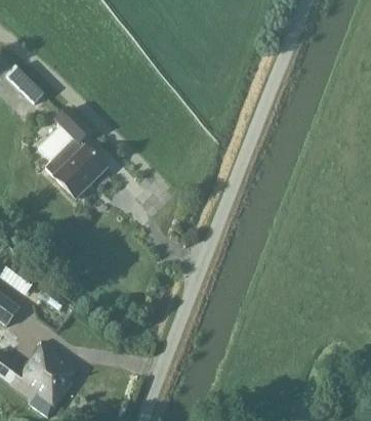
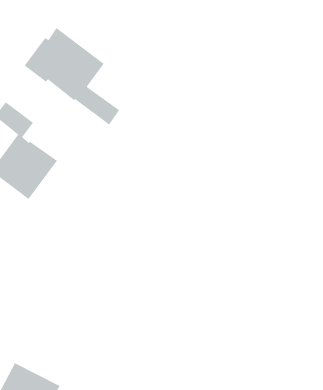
building: none -> [24,27,120,125]

